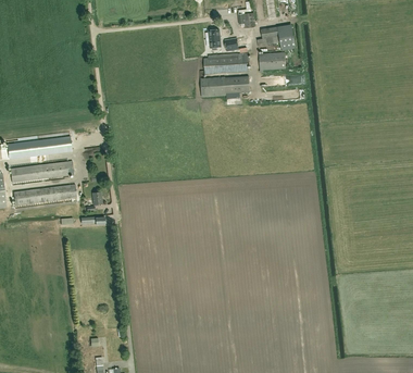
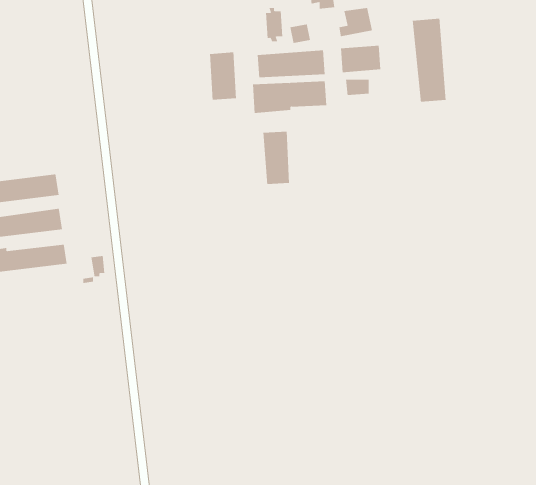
building: none -> [412,18,446,102]
building: none -> [209,52,236,101]
building: none -> [263,131,290,185]

